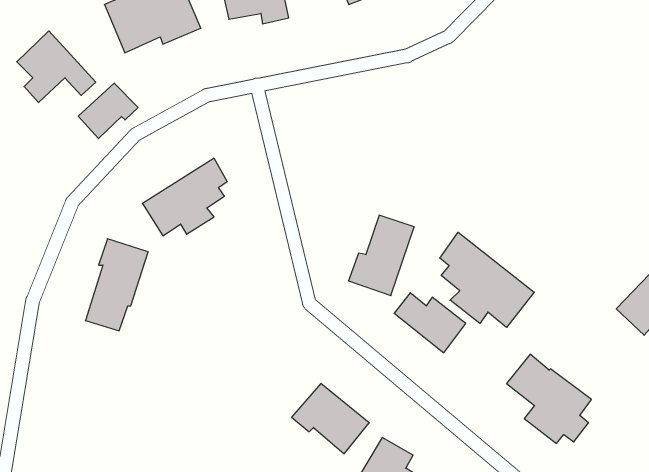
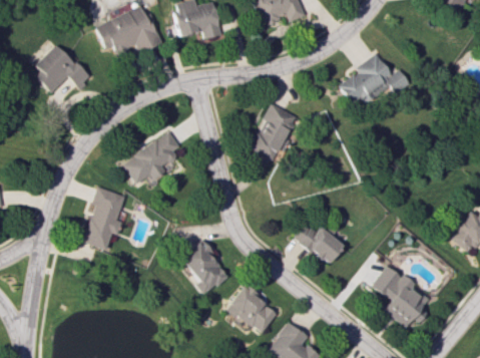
building: none -> [339,53,411,106]
building: [78,83,138,139] -> none
building: [348,215,414,296] -> [249,104,294,159]
building: [440,232,534,327] -> none
building: none -> [178,242,227,294]

